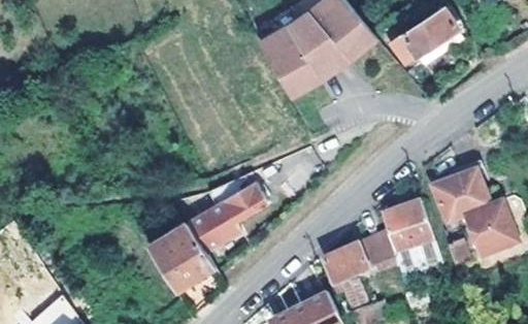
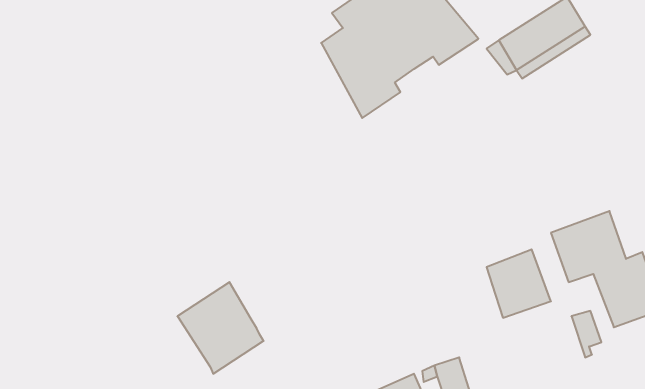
building: [190,173,269,252] -> none
building: [325,226,396,281] -> none

